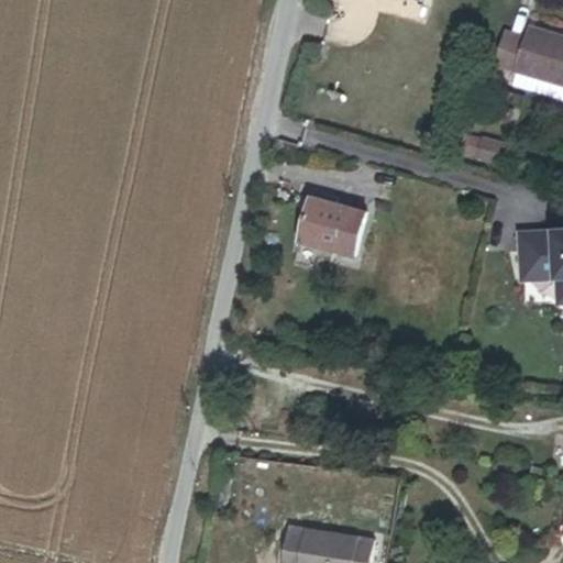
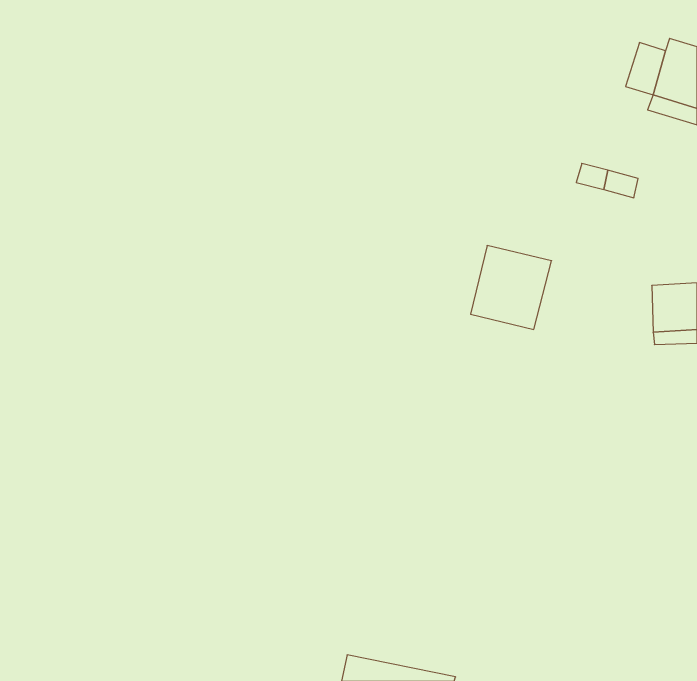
building: [303,195,368,262] -> [471,246,552,329]

